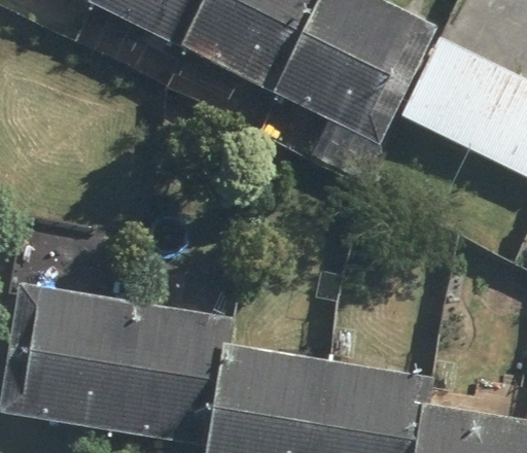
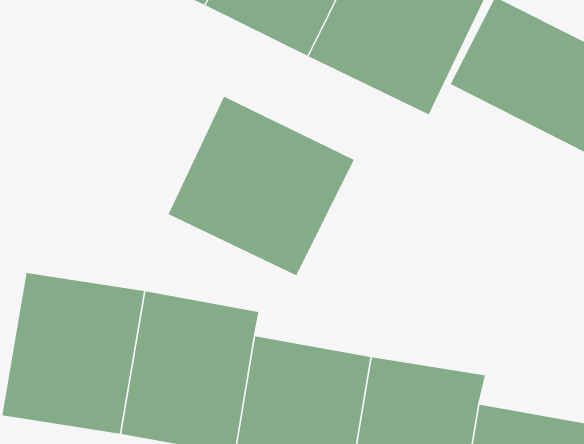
building: none -> [168,96,354,276]

